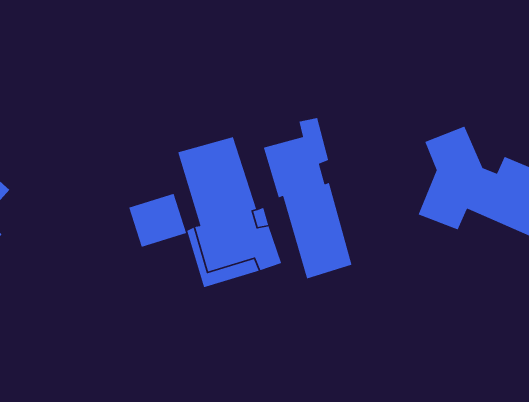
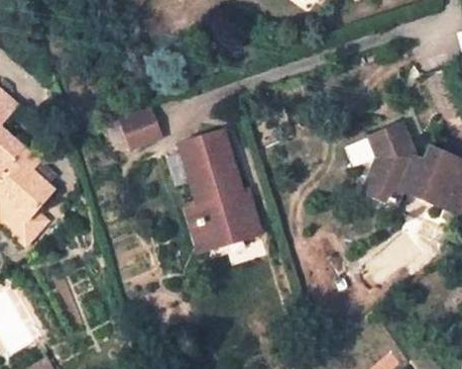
building: [263,117,352,279] -> none
building: [128,193,187,248] -> [118,109,163,152]

